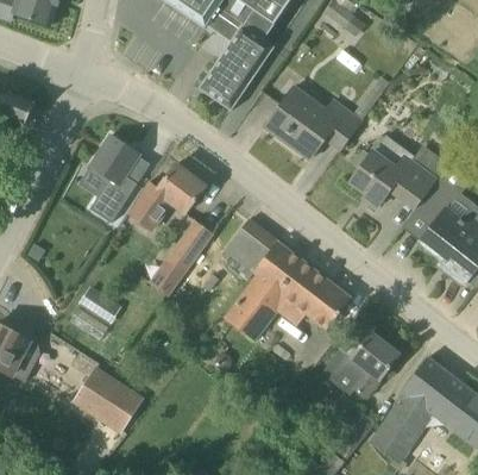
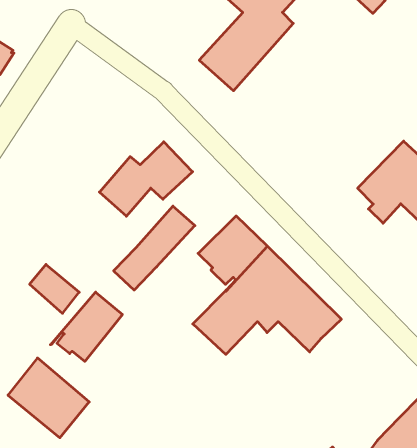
building: [265,89,363,160] -> none
building: [83,148,133,235] -> none
building: none -> [50,292,122,361]
building: [322,332,400,396] -> none

